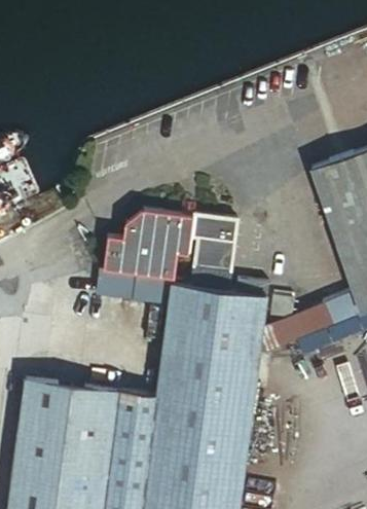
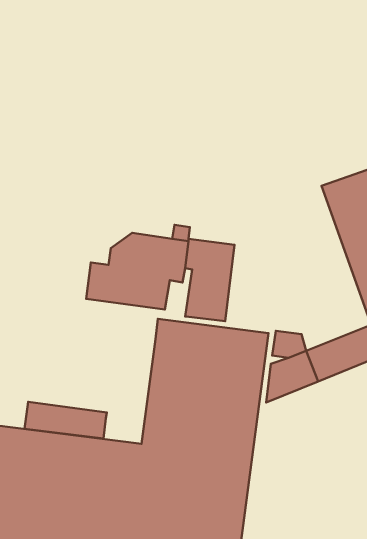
building: [98,271,170,303] -> [25,402,107,438]

